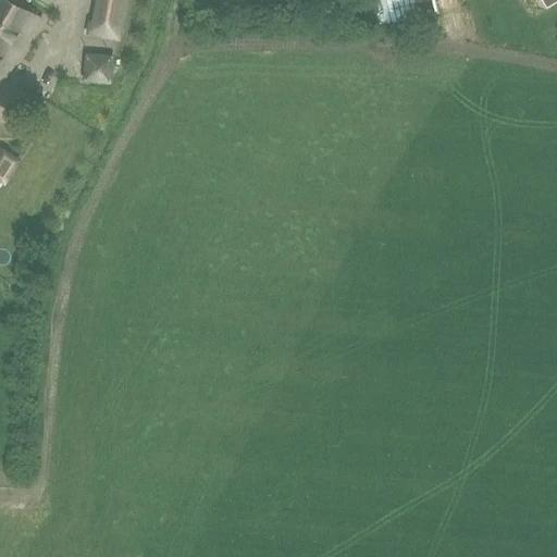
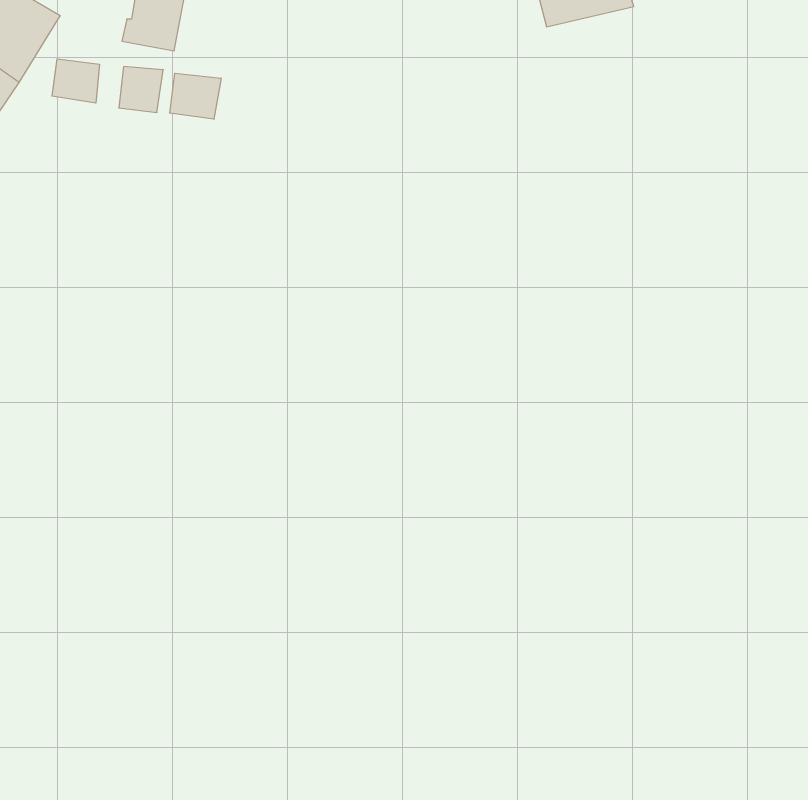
building: none -> [52,59,99,103]
building: none -> [170,73,221,119]

